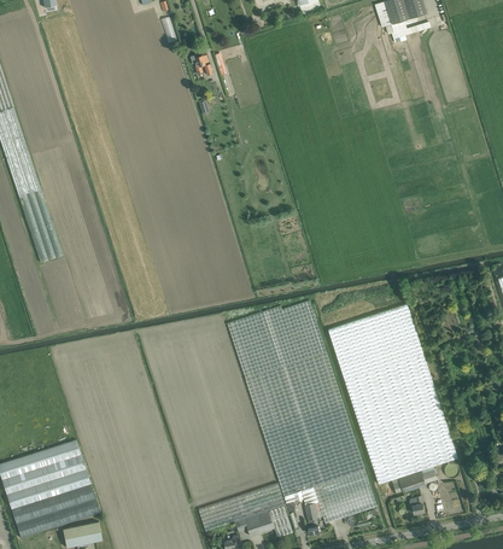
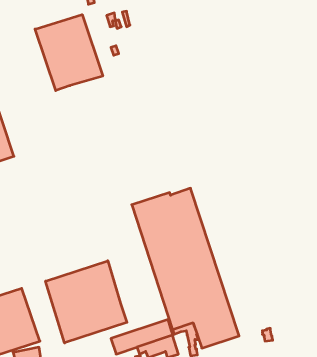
building: none -> [35,15,103,91]
building: [328,303,458,492] -> none
building: none -> [46,261,127,343]

